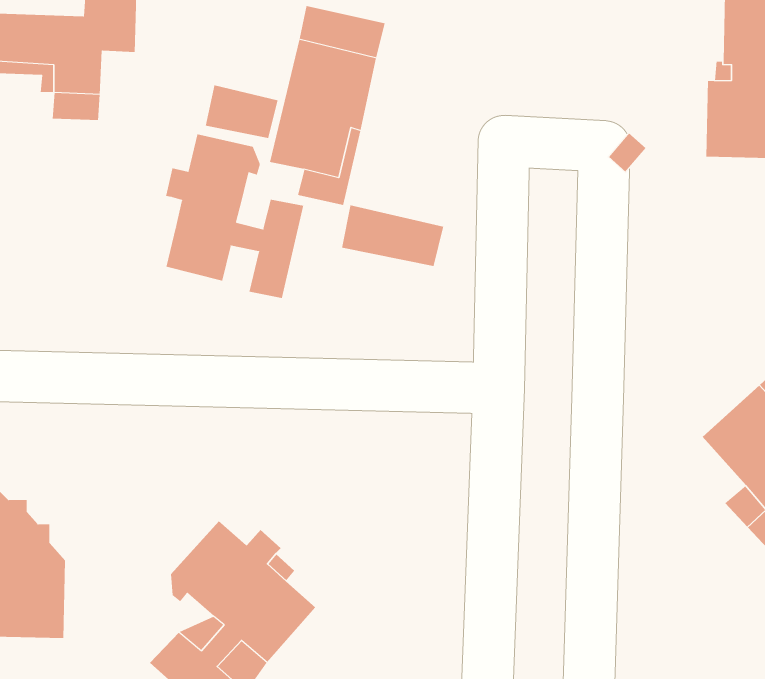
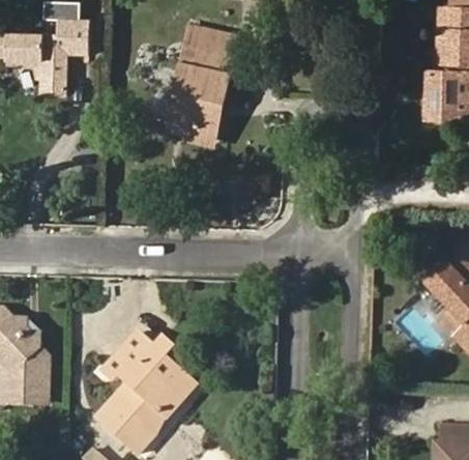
building: [205,85,278,139] -> none
building: [166,133,304,299] -> none
building: [341,205,444,267] -> none

